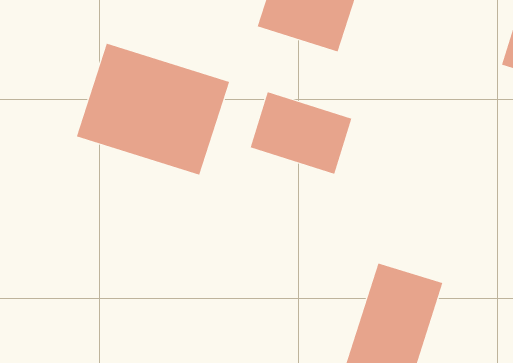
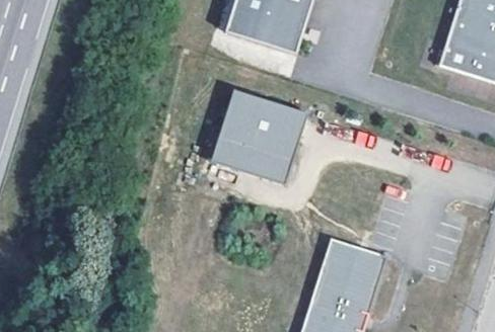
building: [76,43,230,176] -> none
building: none -> [211,137,293,184]

